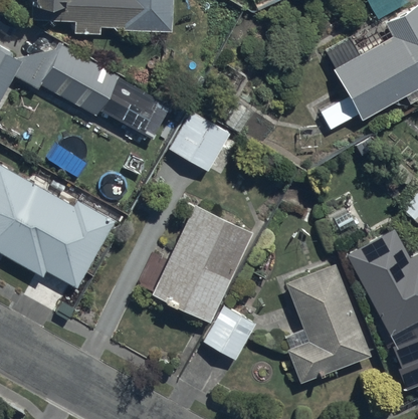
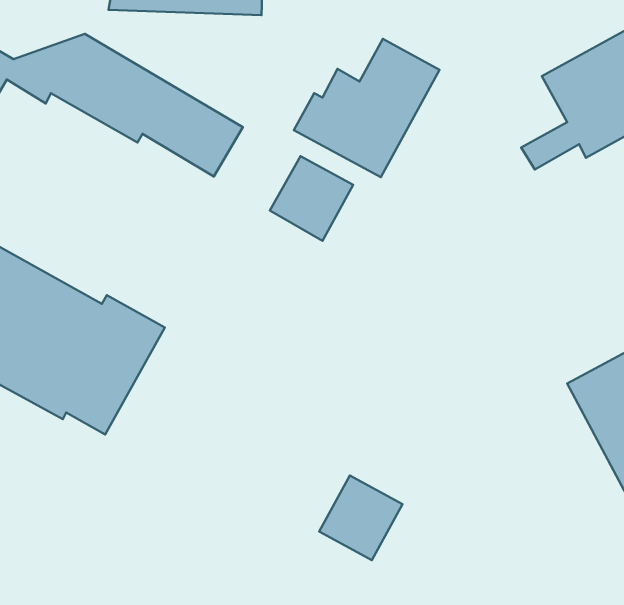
building: none -> [294,39,439,177]
building: [154,207,251,316] -> none
building: [285,264,366,377] -> none

